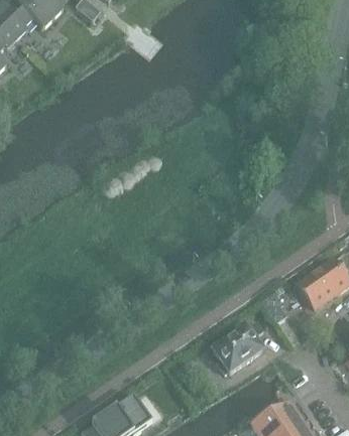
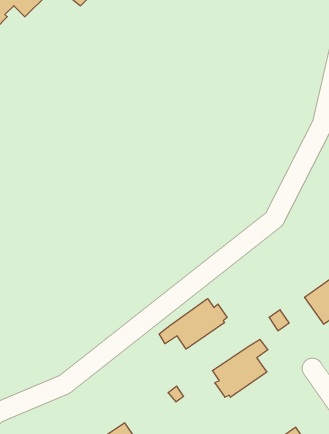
building: none -> [159,299,227,349]

